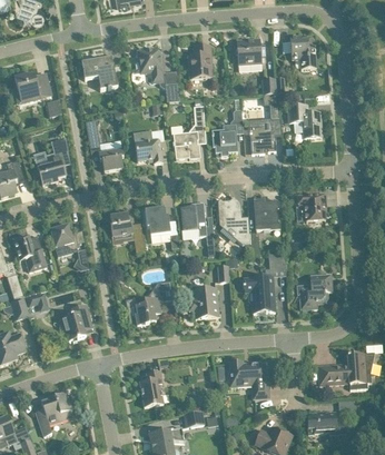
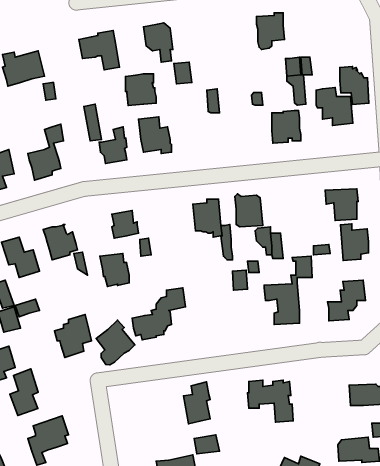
building: [289,34,315,68] -> [340,66,369,104]
building: [187,43,211,78] -> none
building: [210,122,237,155] -> none
building: [172,130,199,158] -> [126,74,156,106]
building: [253,196,277,228] -> [340,224,368,260]
building: [144,206,169,235] -> [100,254,129,287]
building: [187,286,218,317] -> none
building: none -> [96,320,135,365]
building: none -> [10,369,38,416]
building: [139,369,162,406] -> [183,382,210,424]

